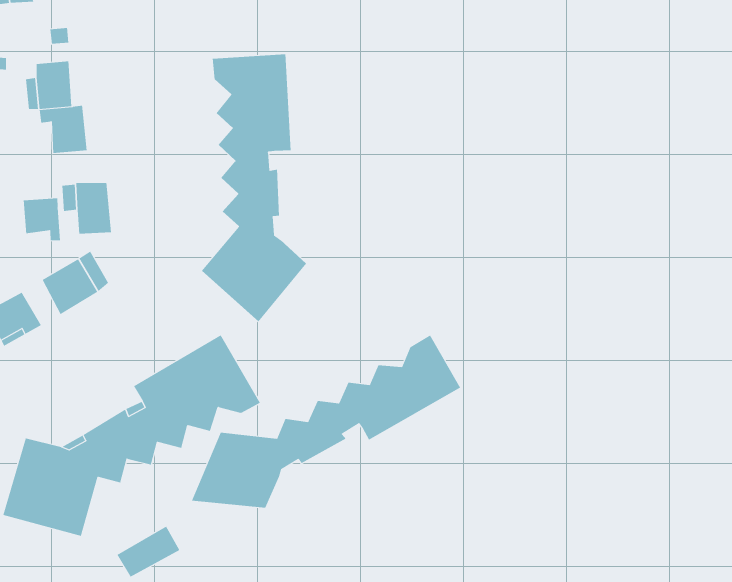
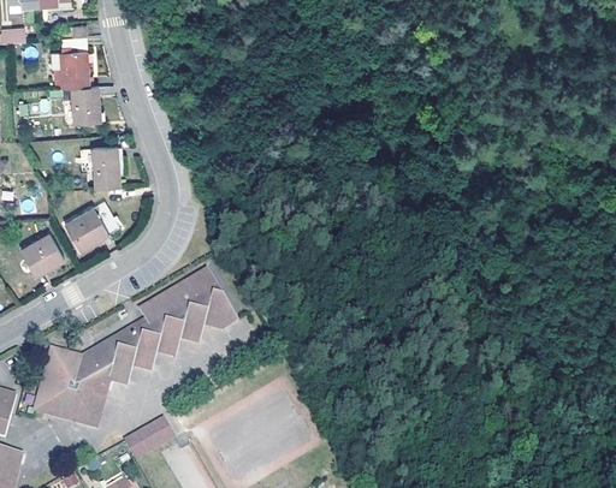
building: [201,54,307,322] -> none
building: [23,197,61,241] -> none
building: [191,334,461,508] -> none

